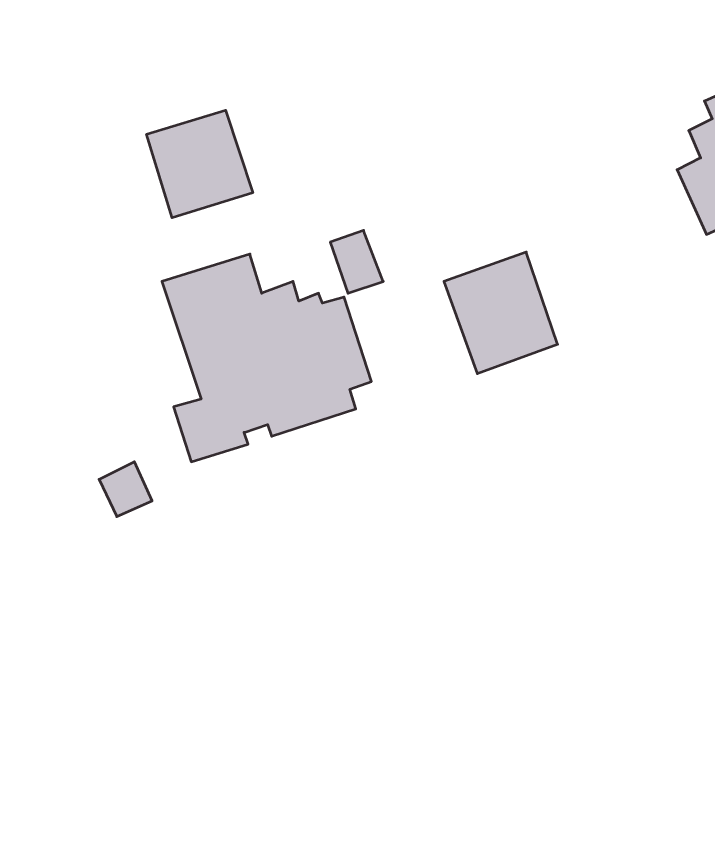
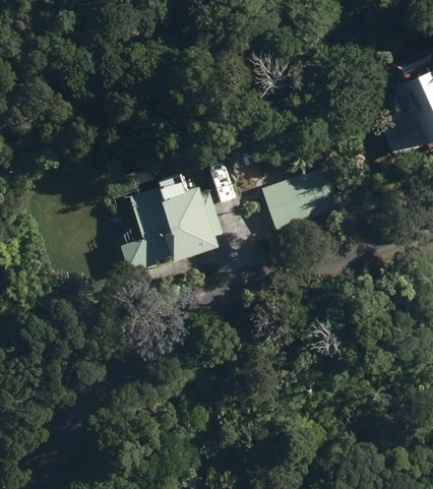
building: [147,110,253,218] -> none

